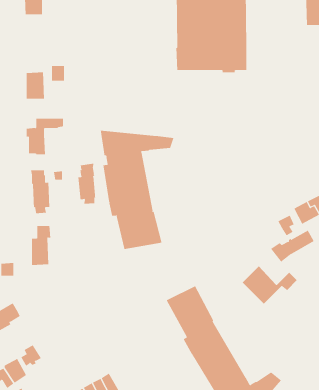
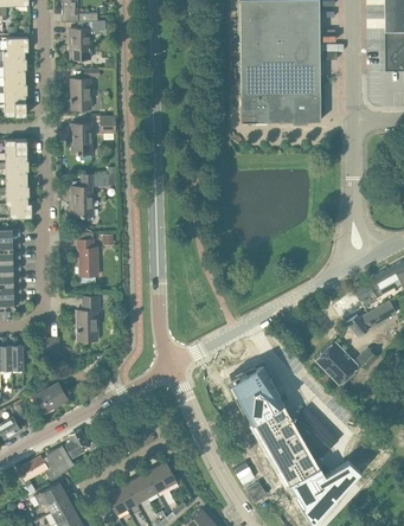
building: none -> [70,79,91,110]
building: [100,130,174,250] -> none
building: [78,163,96,205] -> none

